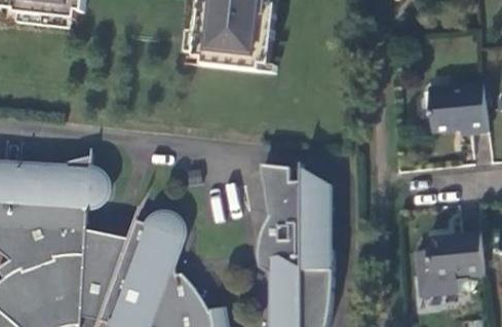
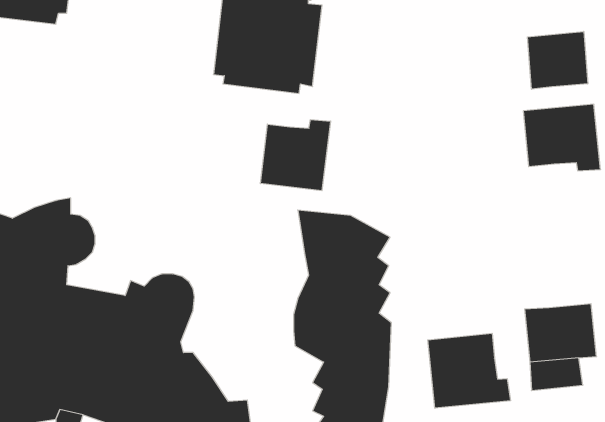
building: none -> [528,31,588,89]
building: none -> [260,120,331,191]
building: none -> [428,333,510,408]

